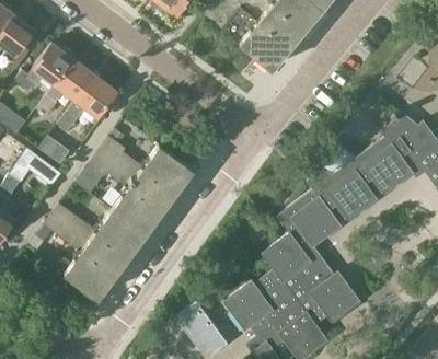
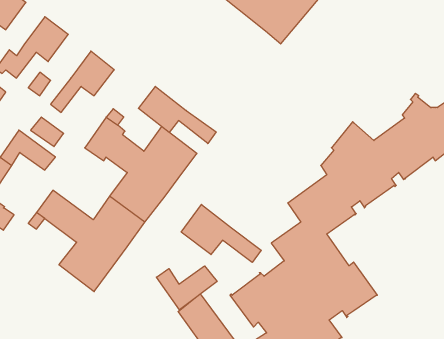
building: [56,60,95,101] -> none
building: none -> [138,86,216,144]
building: none -> [181,204,261,262]
building: none -> [156,266,217,310]

